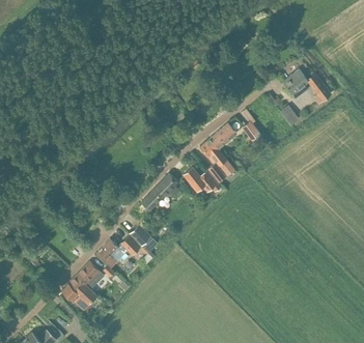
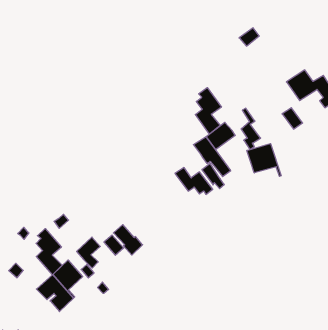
building: none -> [195,88,221,134]
building: none -> [247,144,281,176]
building: [141,173,177,210] -> none
building: none -> [36,229,62,275]

